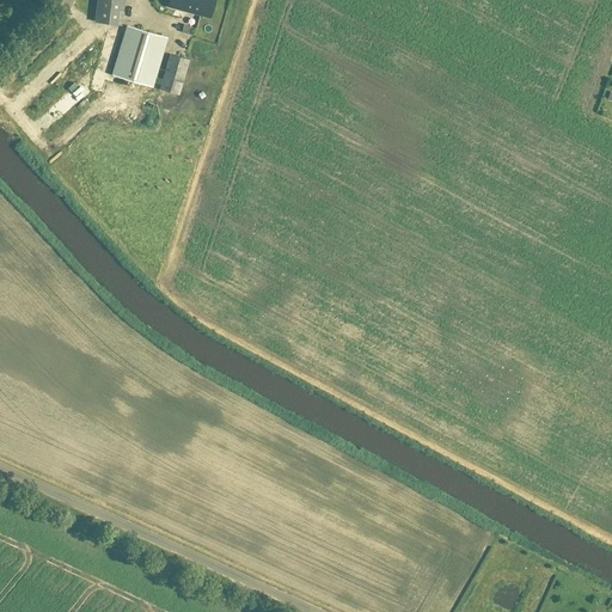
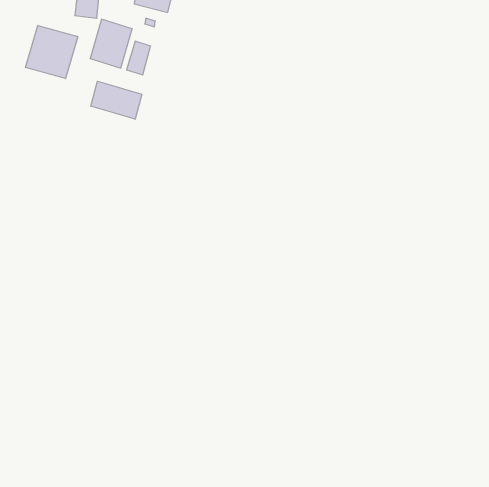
building: none -> [26,25,78,79]
building: none -> [91,81,142,119]

